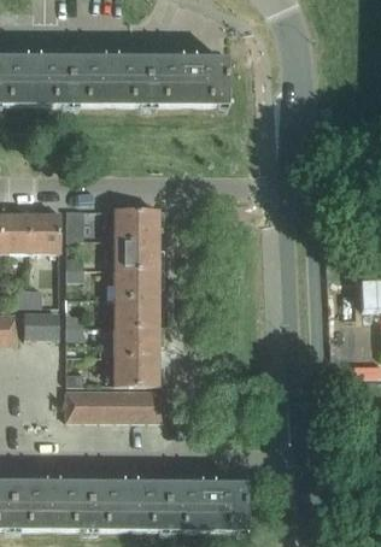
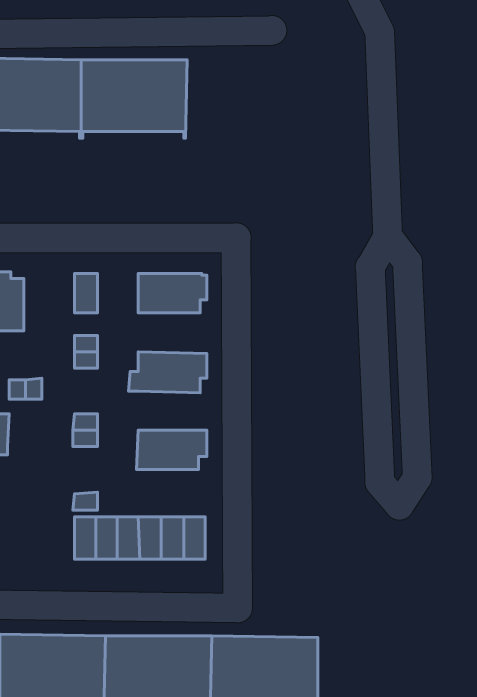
building: [147,53,227,111] -> none
building: [28,210,57,253] -> none
building: [112,240,163,270] -> none
building: [112,298,163,327] -> none
building: [23,314,58,340] -> none
building: [111,355,162,386] -> none

